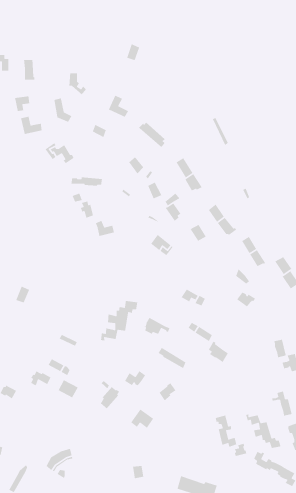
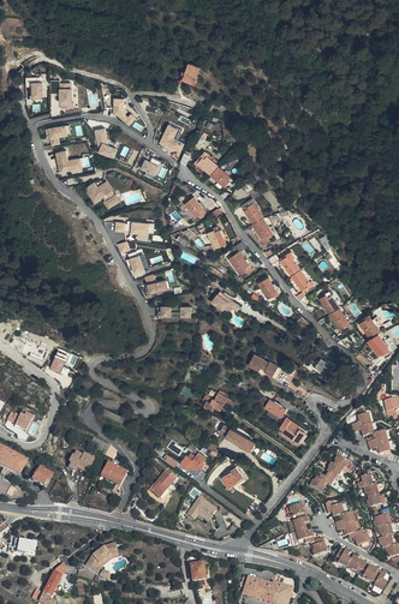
building: [100,300,138,341] -> none
building: none -> [308,454,347,491]

